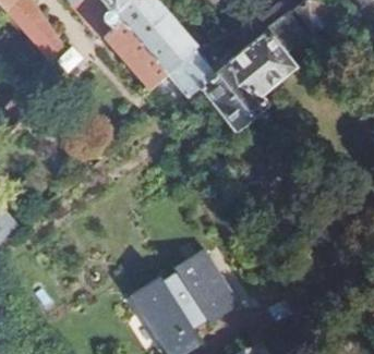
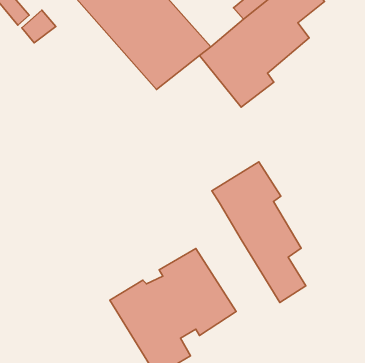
building: none -> [212,162,306,302]

